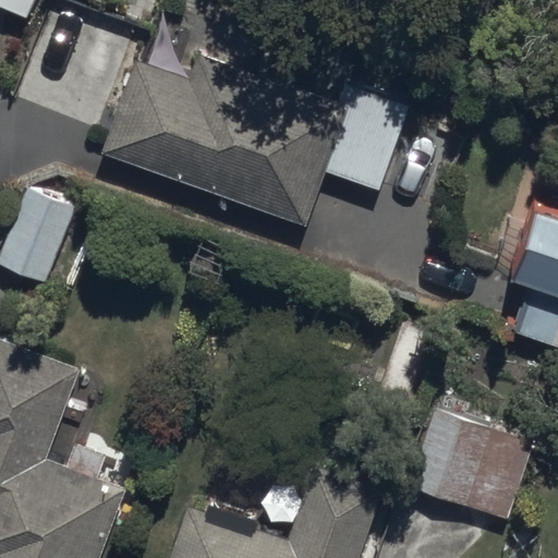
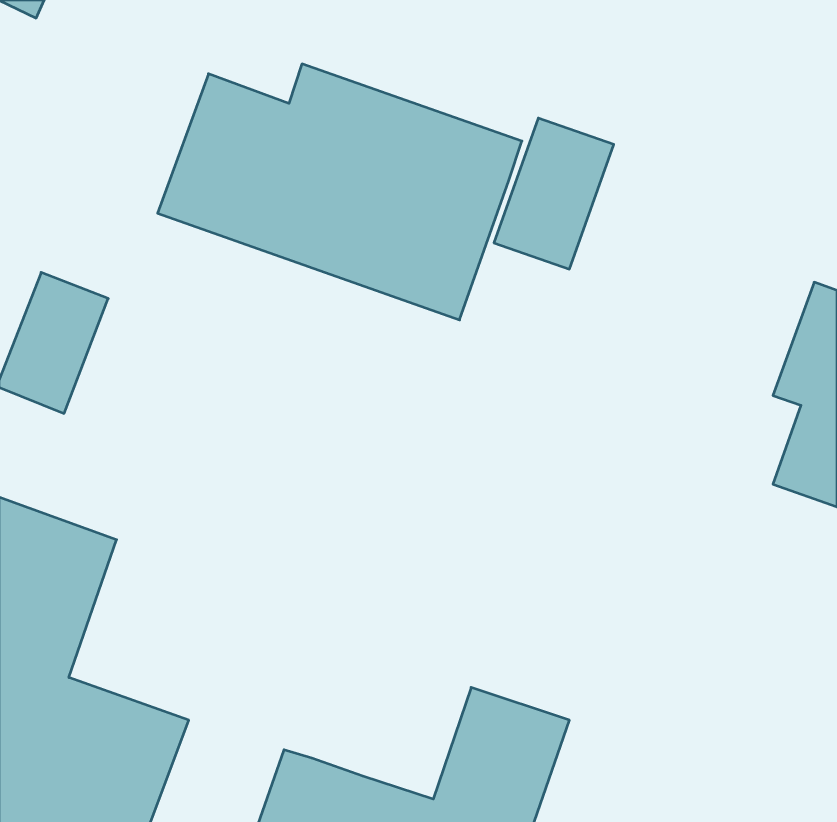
building: [410,411,541,526] -> none

